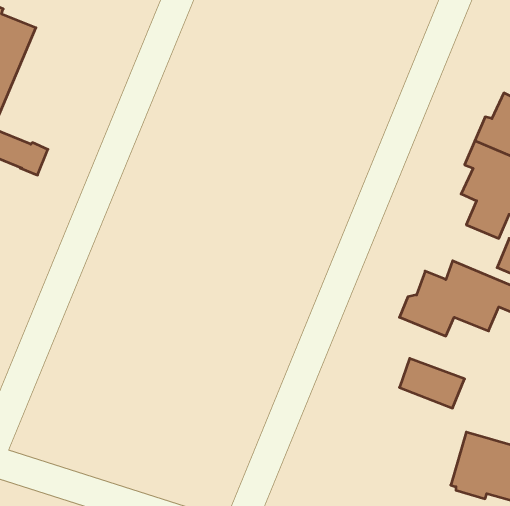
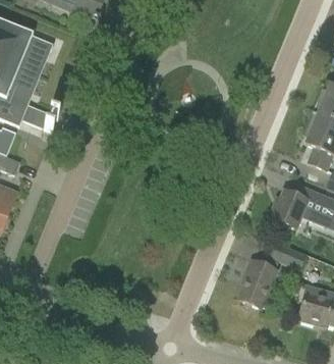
building: none -> [236,259,277,307]

